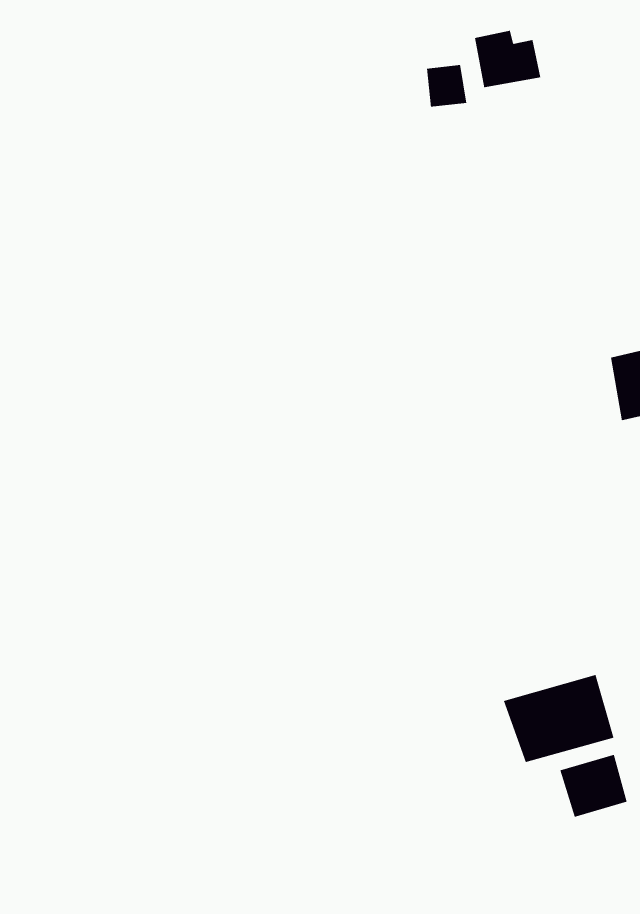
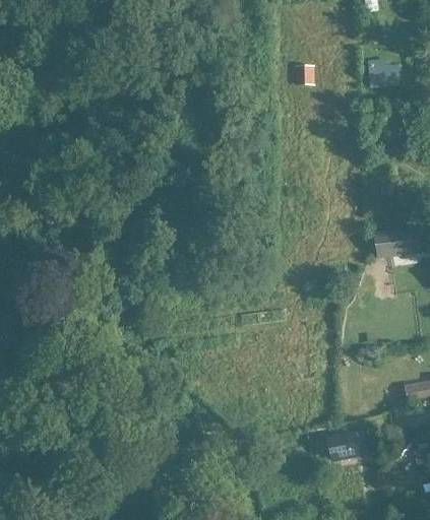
building: [474,30,541,88] -> [367,58,400,86]
building: [503,674,614,763] -> none

